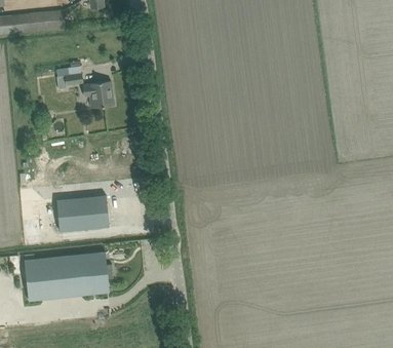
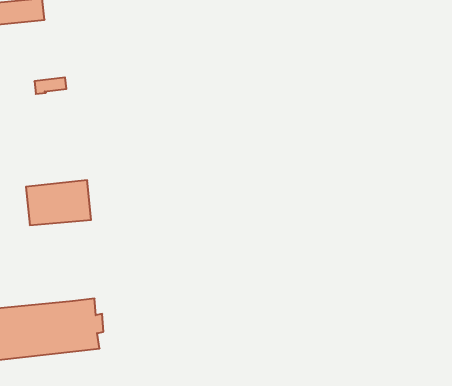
building: [82,81,113,109] -> none
building: [55,195,108,231] -> [26,180,91,225]

